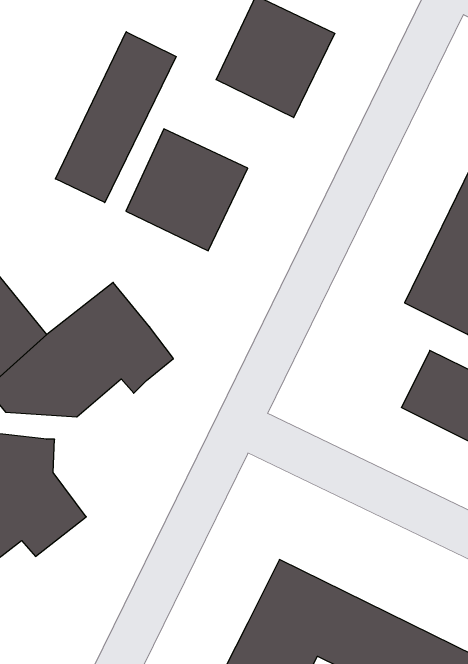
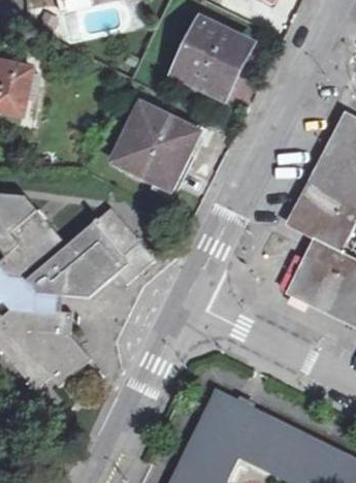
building: [55,32,176,203] -> none

